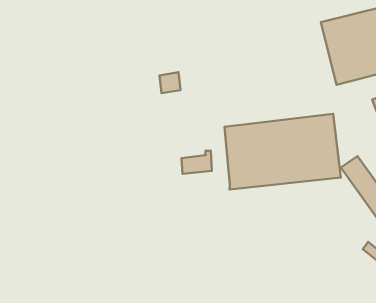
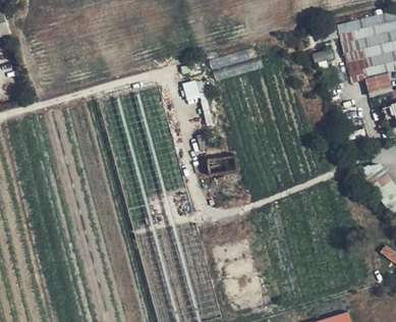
building: [224,114,341,189] -> none

